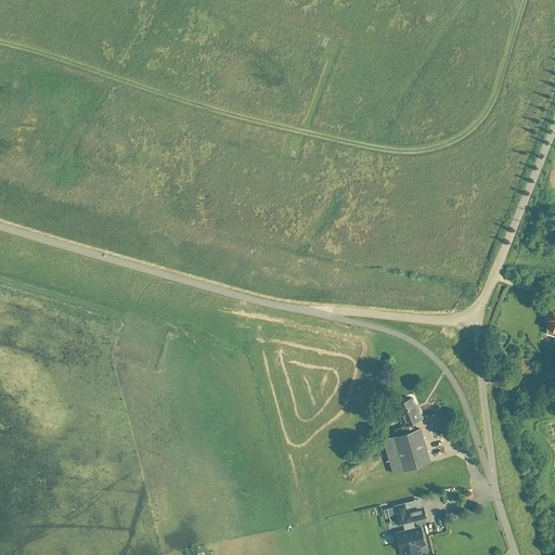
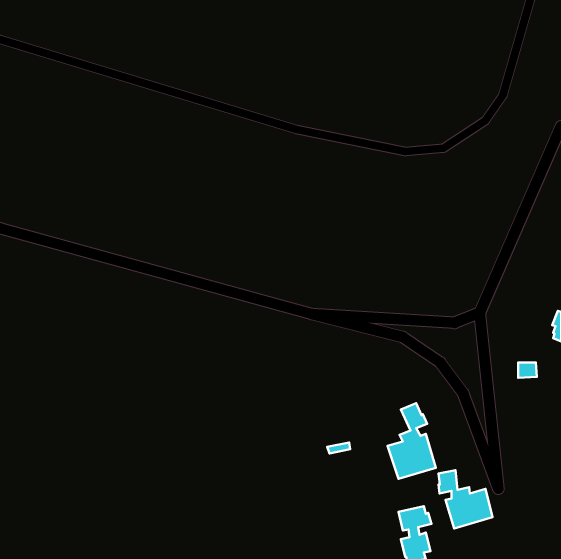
building: none -> [438,470,493,529]

